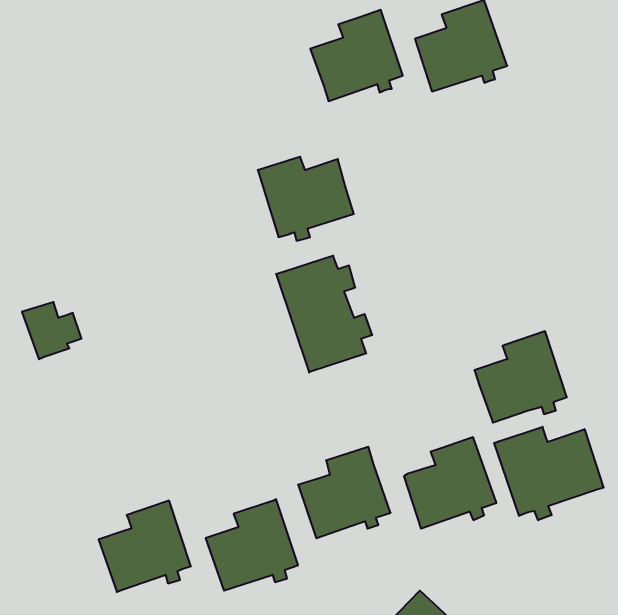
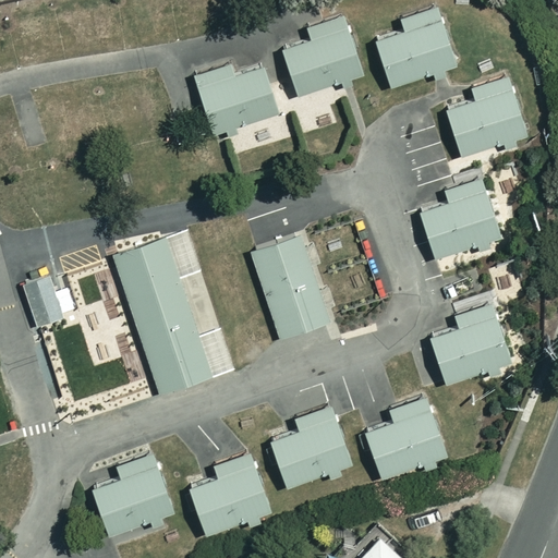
building: none -> [445,76,527,158]
building: [258,157,354,241] -> [193,63,279,138]
building: none -> [421,179,502,259]
building: none -> [113,230,235,396]
building: [494,427,604,520] -> none

